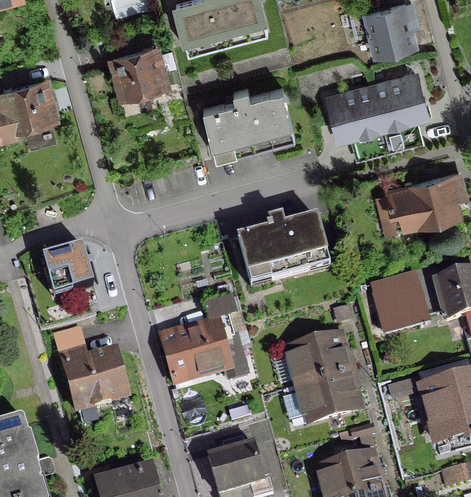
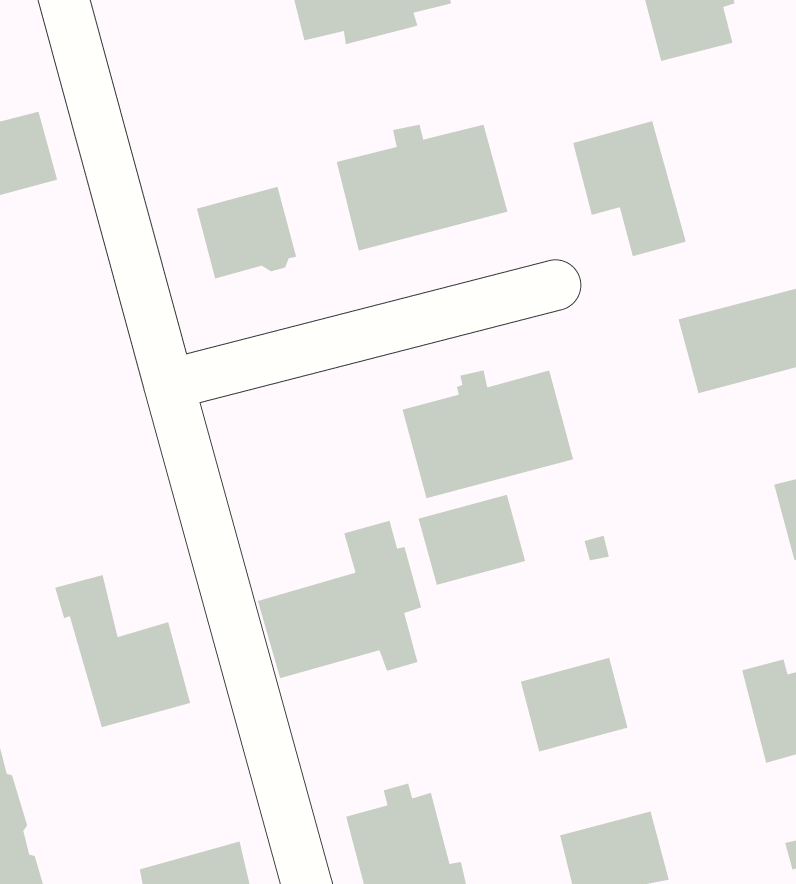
building: [111,46,165,96] -> [196,186,297,280]
building: [371,74,425,150] -> none
building: [42,245,93,297] -> none
building: [374,284,427,334] -> none
building: [290,335,348,384] -> [417,494,526,586]

